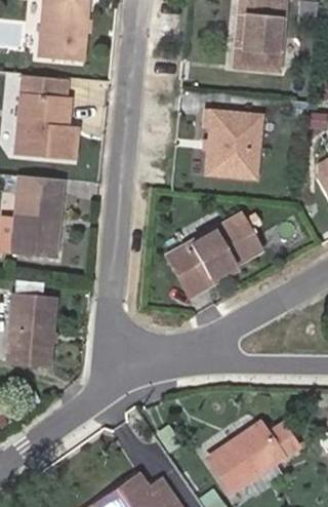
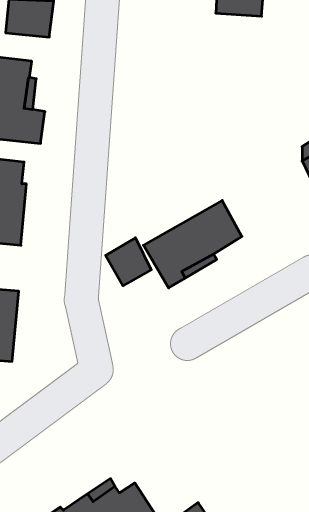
building: [234,38,280,69] -> none
building: [203,111,261,176] -> none
building: none -> [106,238,151,286]
building: [208,423,296,490] -> none

